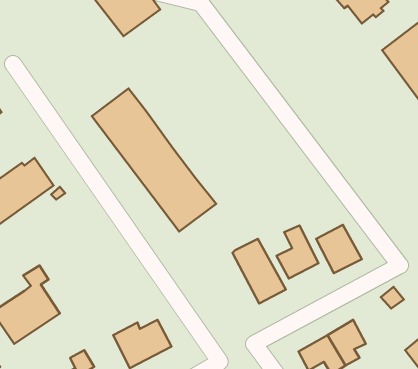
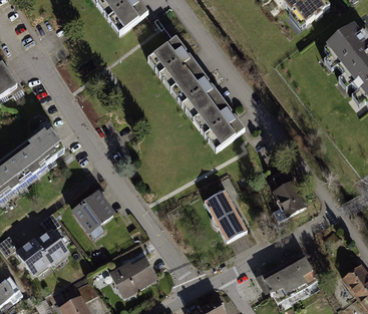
building: [92,88,216,232] -> [148,37,247,150]
building: [276,225,318,279] -> none
building: none -> [73,192,114,238]

